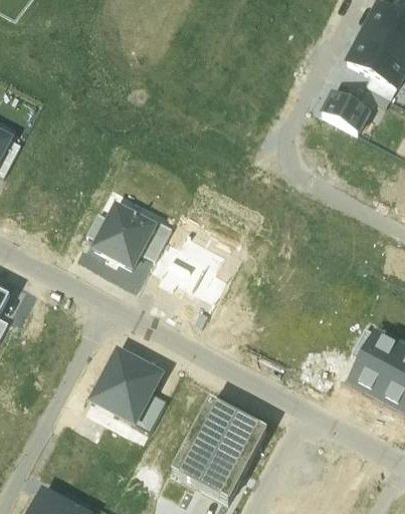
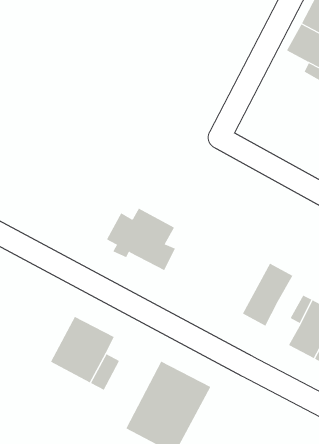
building: [322,91,369,132] -> none
building: [93,207,154,269] -> none
building: none -> [242,263,293,326]

